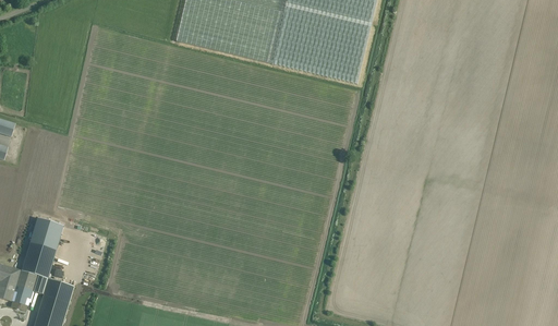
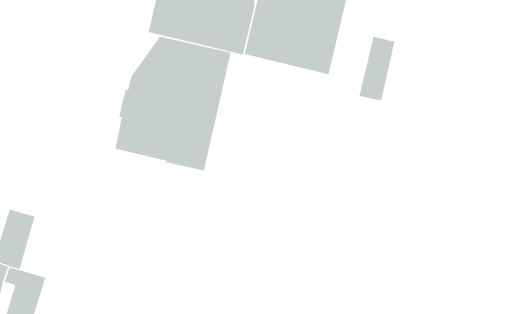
building: none -> [115,36,231,171]
building: none -> [359,36,395,101]

